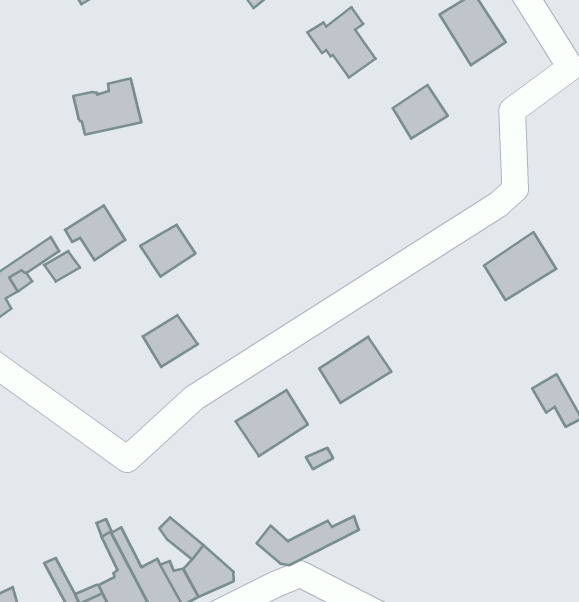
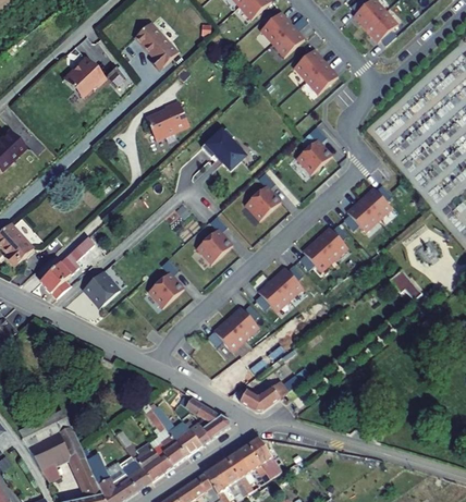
building: [307,7,376,78] -> [197,125,241,168]
building: [73,79,141,134] -> [145,101,188,139]
building: [393,85,448,139] -> [298,139,332,173]
building: none -> [247,186,281,220]
building: [65,205,125,260] -> [83,270,120,304]
building: [140,225,195,277] -> [198,230,232,262]
building: none -> [303,228,346,270]

